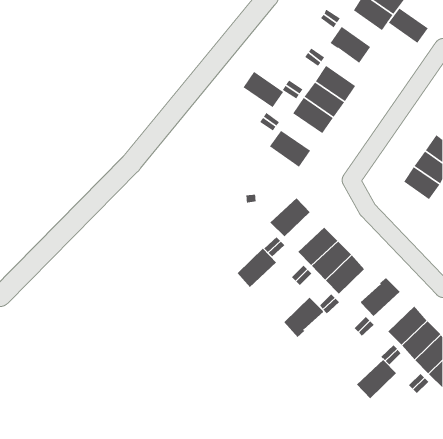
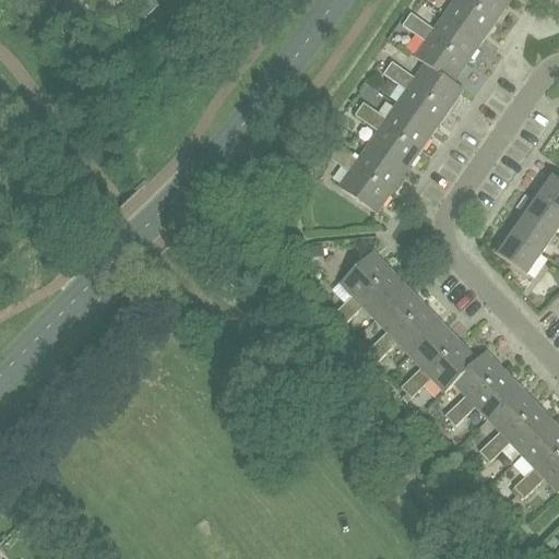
building: [388,7,429,44] -> [430,13,481,59]
building: none -> [411,61,464,108]
building: [243,71,284,108] -> [354,143,406,190]
building: none -> [493,229,540,273]
building: [237,248,277,288] -> [358,267,408,318]
building: [283,297,324,338] -> [427,340,478,391]
building: [356,359,397,399] -> [471,368,522,418]

